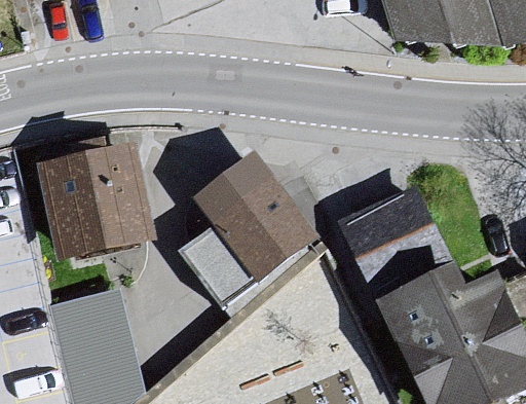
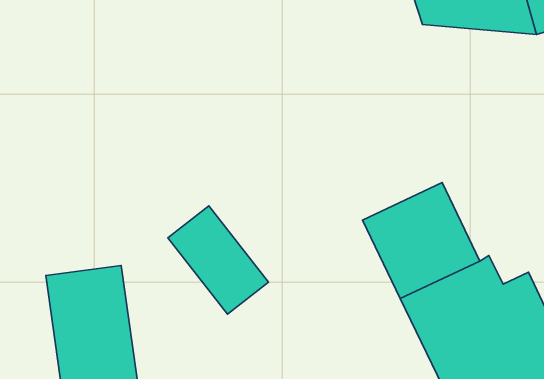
building: [35,142,153,260] -> none
building: [189,148,317,285] -> none

